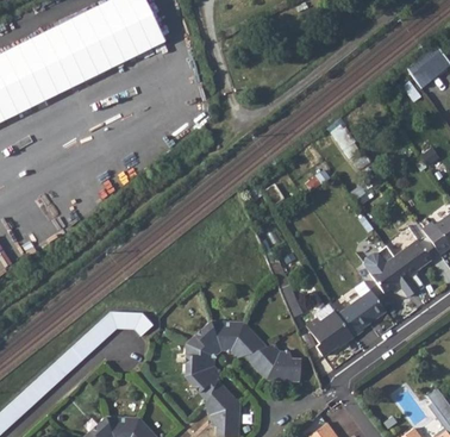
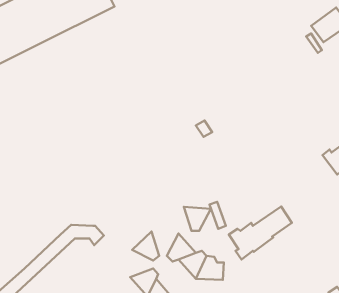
building: [369,238,431,295] -> none
building: [211,320,244,350] -> [184,207,211,231]
building: [185,343,213,376] -> none

